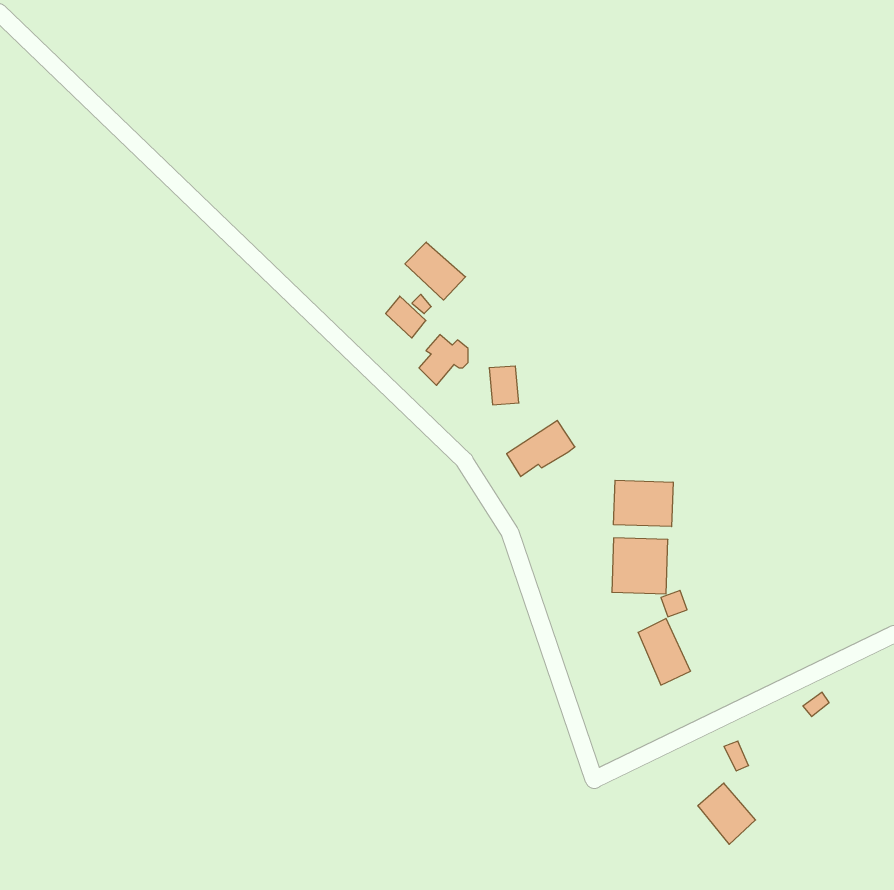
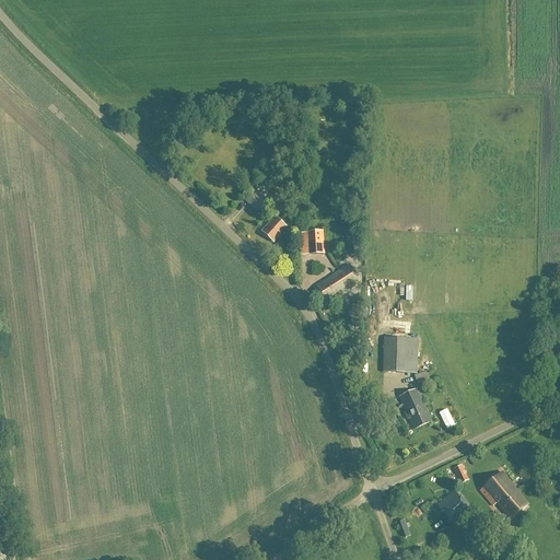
building: [405,242,466,300] -> none
building: [614,480,673,527] -> none
building: none -> [477,469,527,518]

